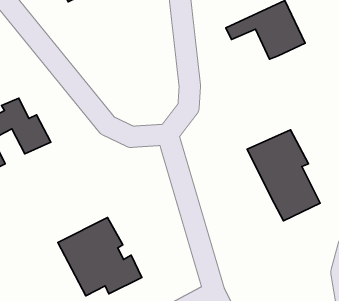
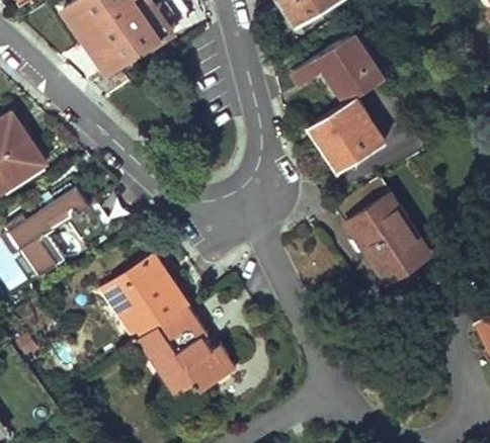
building: none -> [309,97,386,168]
building: none -> [102,254,188,340]

